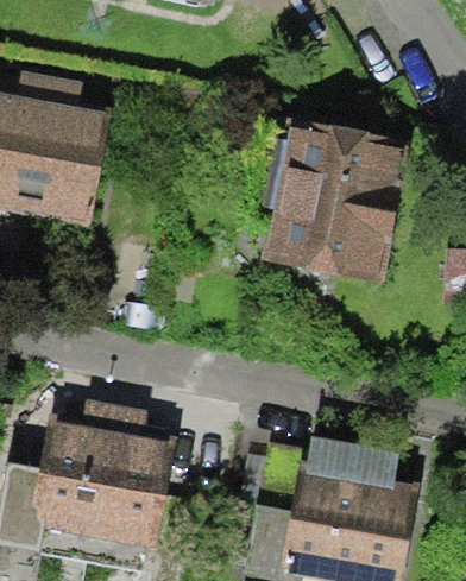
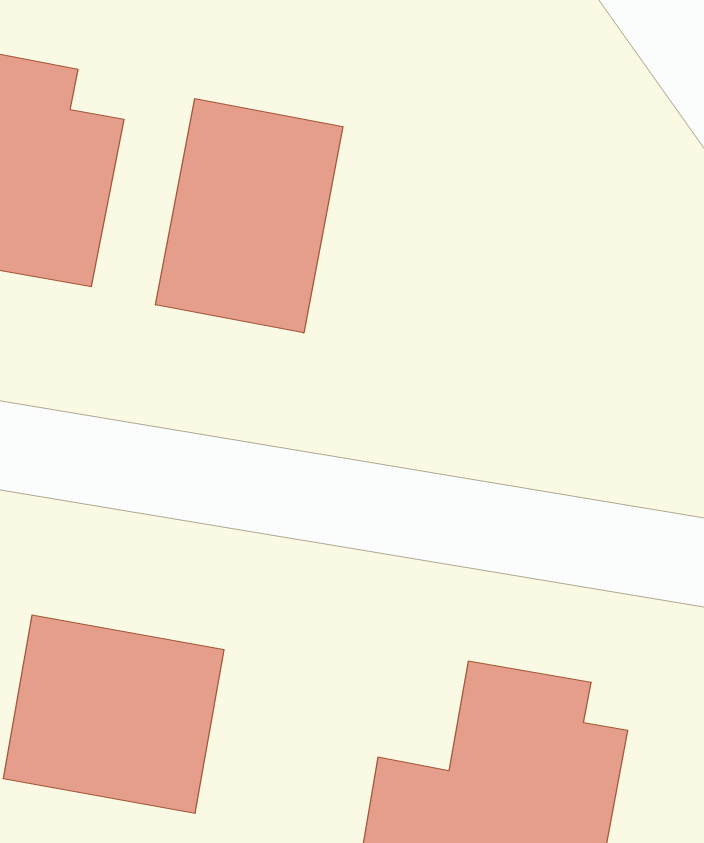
building: none -> [156,99,343,333]
building: [263,133,393,272] -> none

